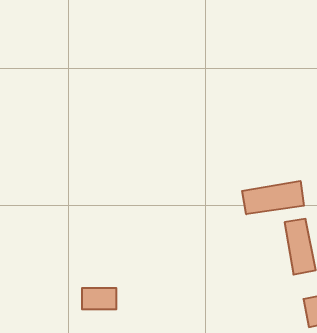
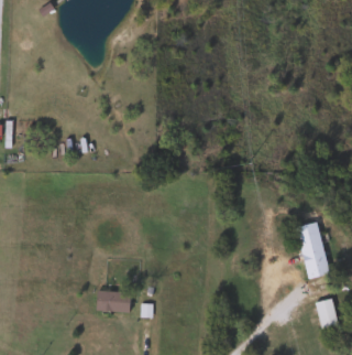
building: [242,181,304,214] -> none

